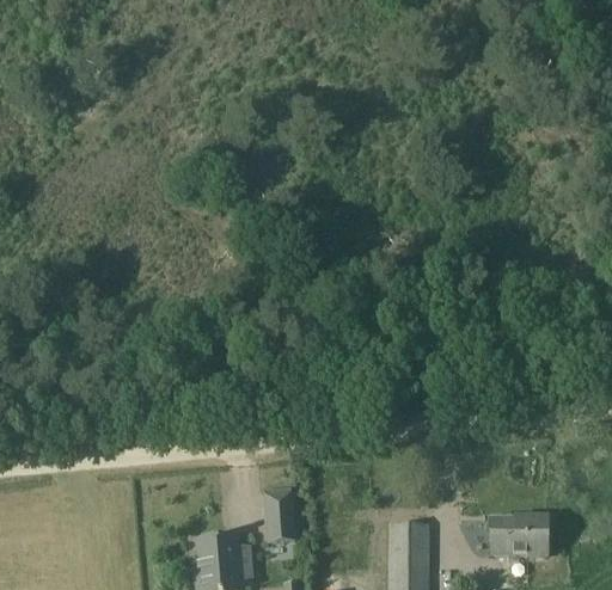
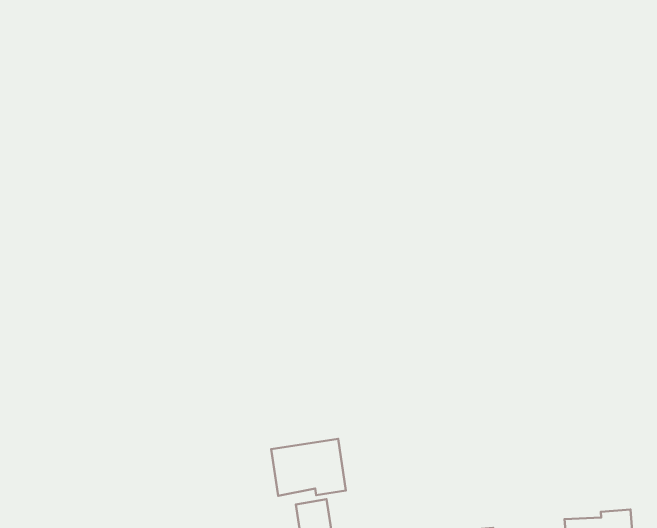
building: none -> [271,439,346,496]

